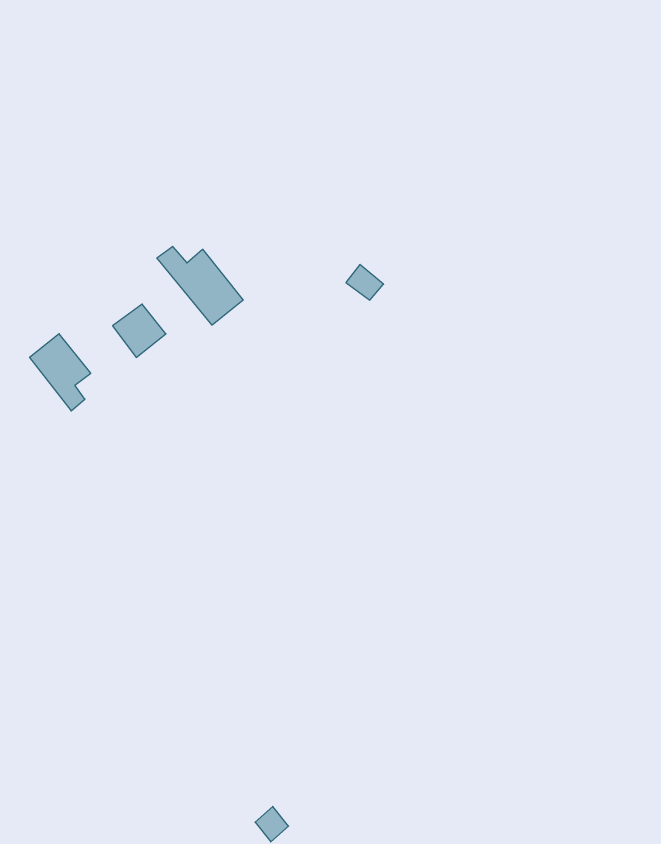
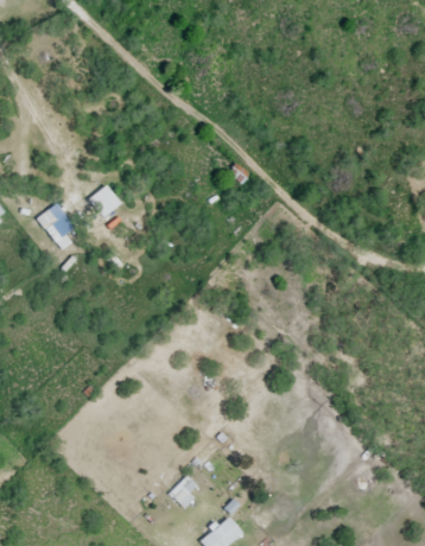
building: [157,246,243,325] -> none

